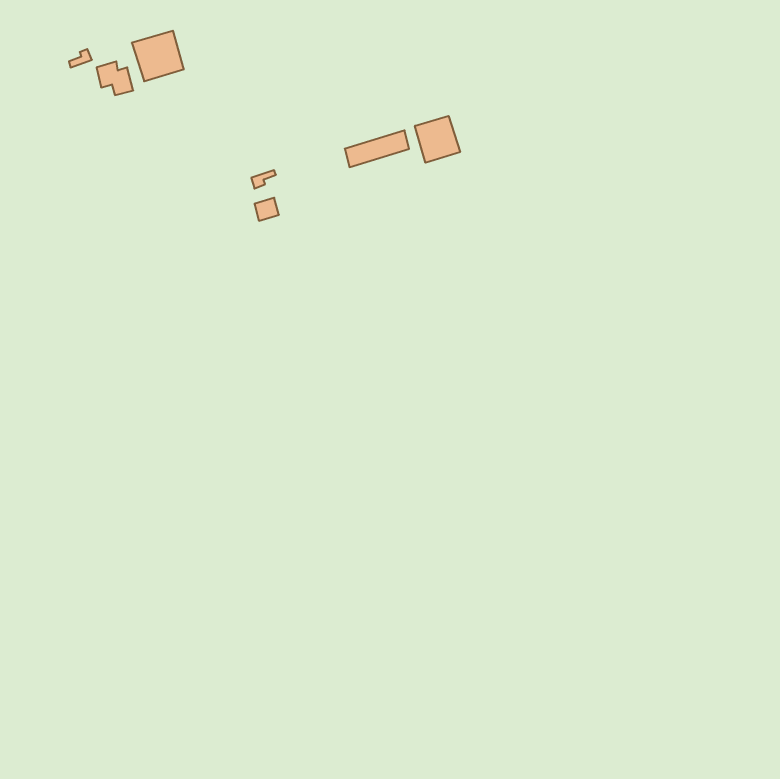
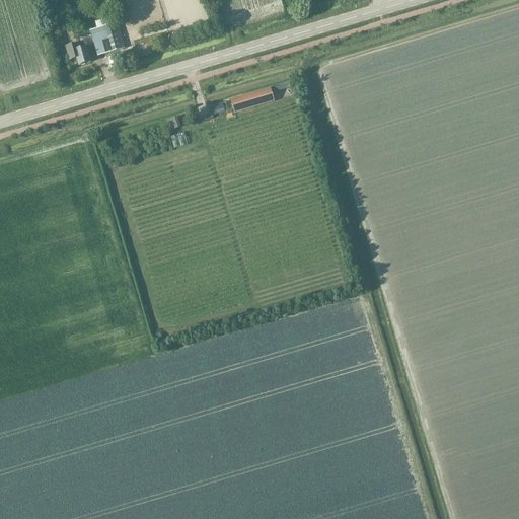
building: [415,116,460,163] -> none

